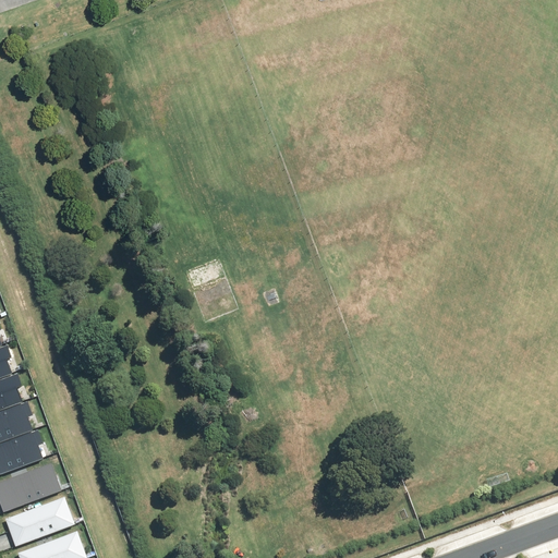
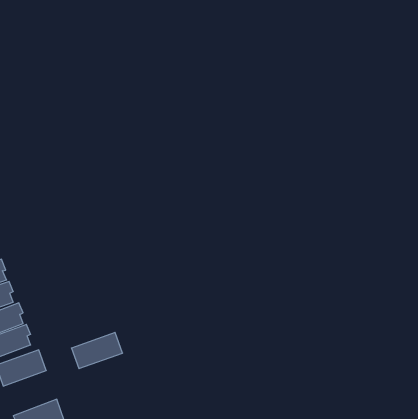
building: [7,496,74,544] -> [71,332,123,369]

